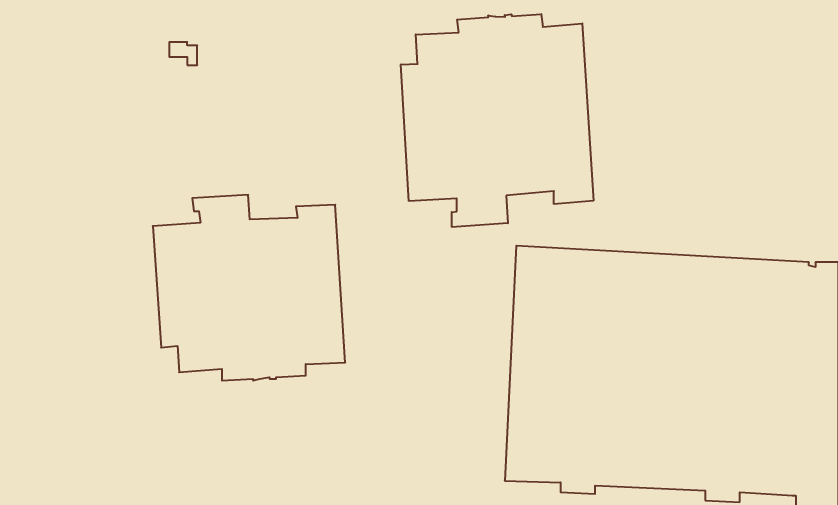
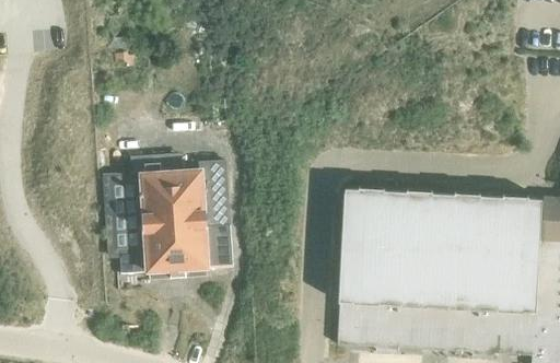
building: [401,14,593,227] -> none

